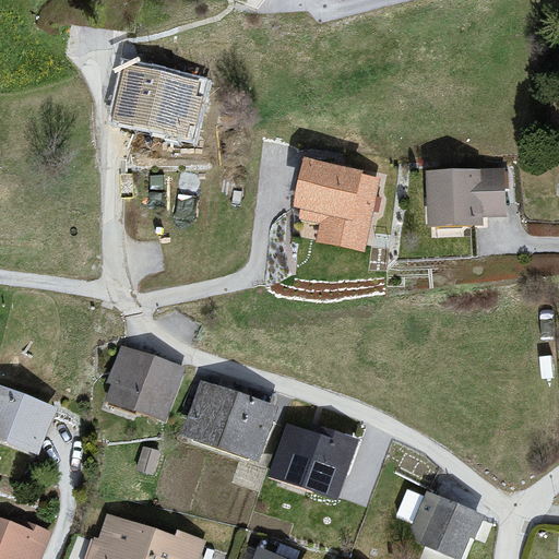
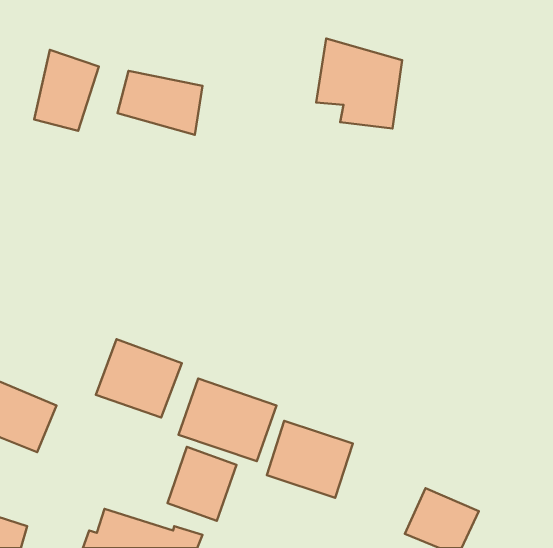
building: none -> [34,50,99,131]
building: [297,160,383,251] -> [316,38,402,129]
building: [431,168,512,237] -> none
building: none -> [167,447,236,521]

